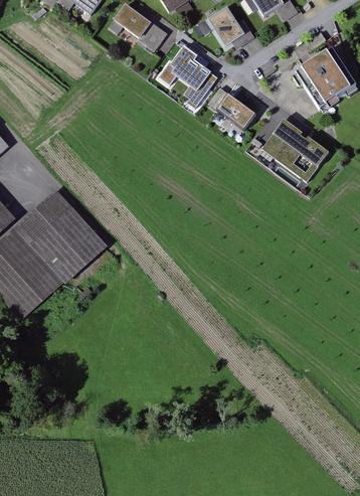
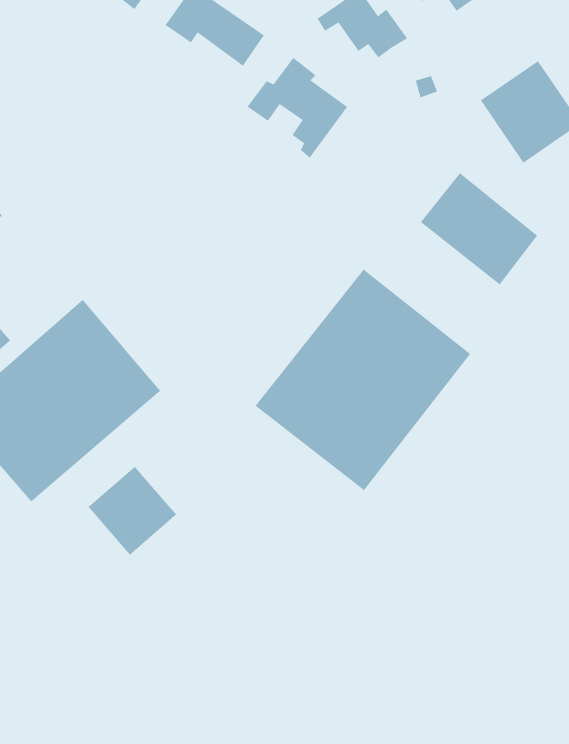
building: [208,84,255,126] -> none
building: none -> [255,268,471,491]
building: none -> [87,466,177,556]

